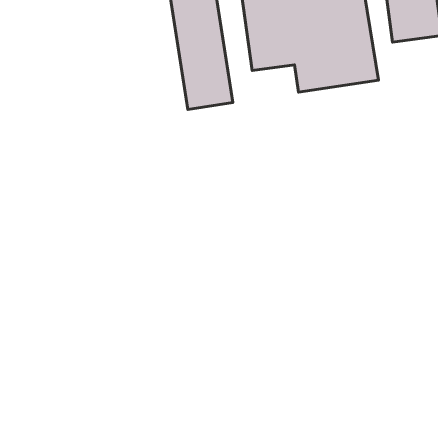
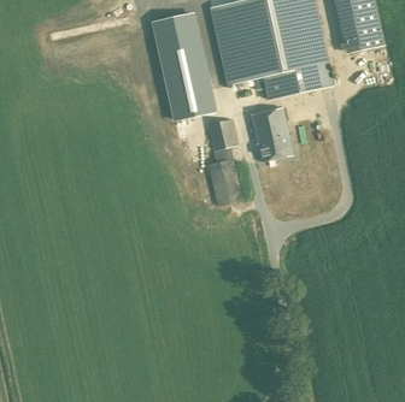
building: none -> [251,106,293,161]
building: none -> [206,118,242,205]

